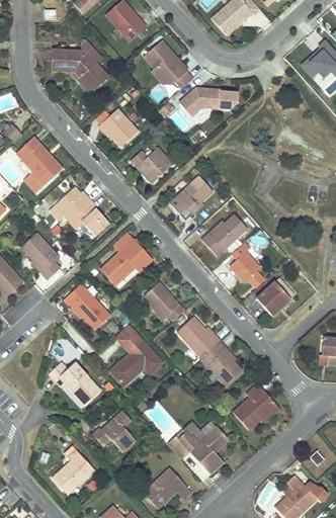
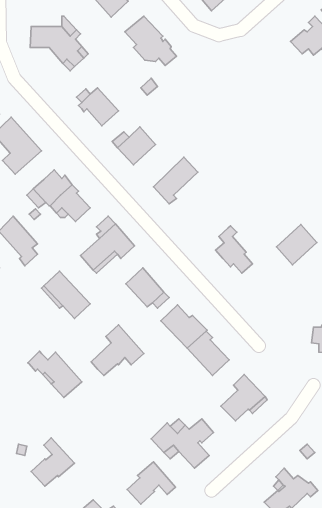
building: [179,87,239,116] -> none
building: [202,213,248,256] -> none
building: [255,276,293,315] -> [277,225,317,265]
building: [91,411,135,452] -> none

